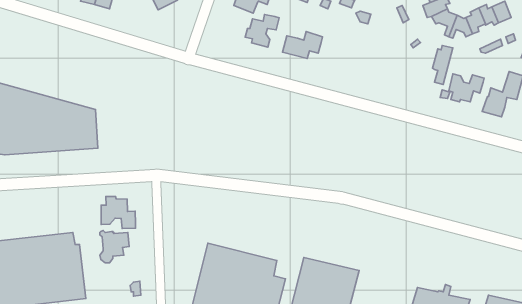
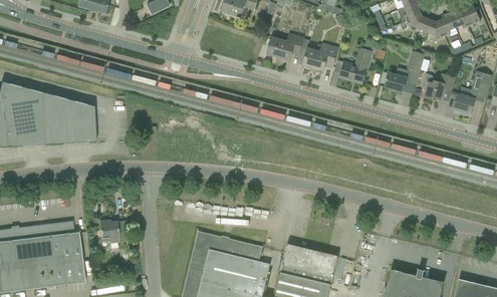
building: [245,14,279,47] -> none
building: none -> [303,44,337,71]
building: none -> [339,48,371,84]
building: none -> [385,67,412,92]
building: [101,196,136,229] -> none

